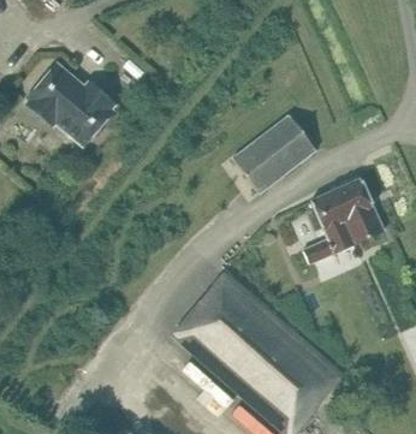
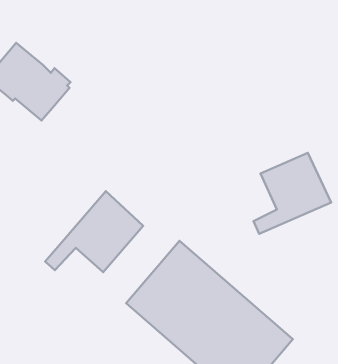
building: [233,114,316,192] -> none
building: none -> [45,191,143,272]

